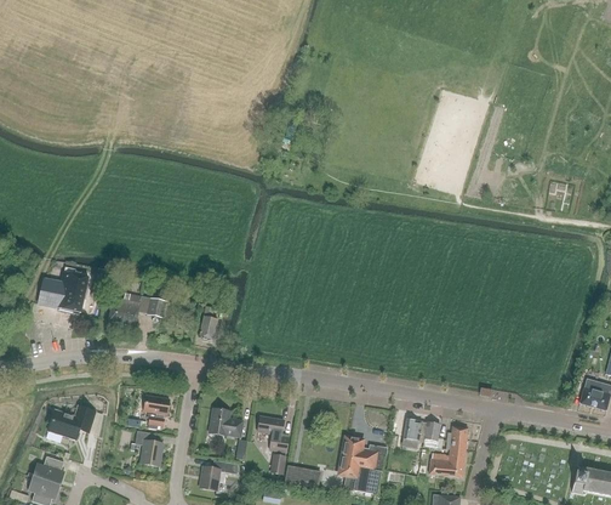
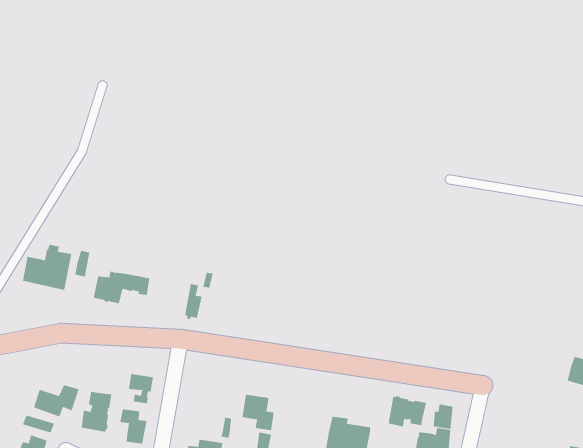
building: [209,408,242,436] -> none
building: none -> [81,391,112,433]

